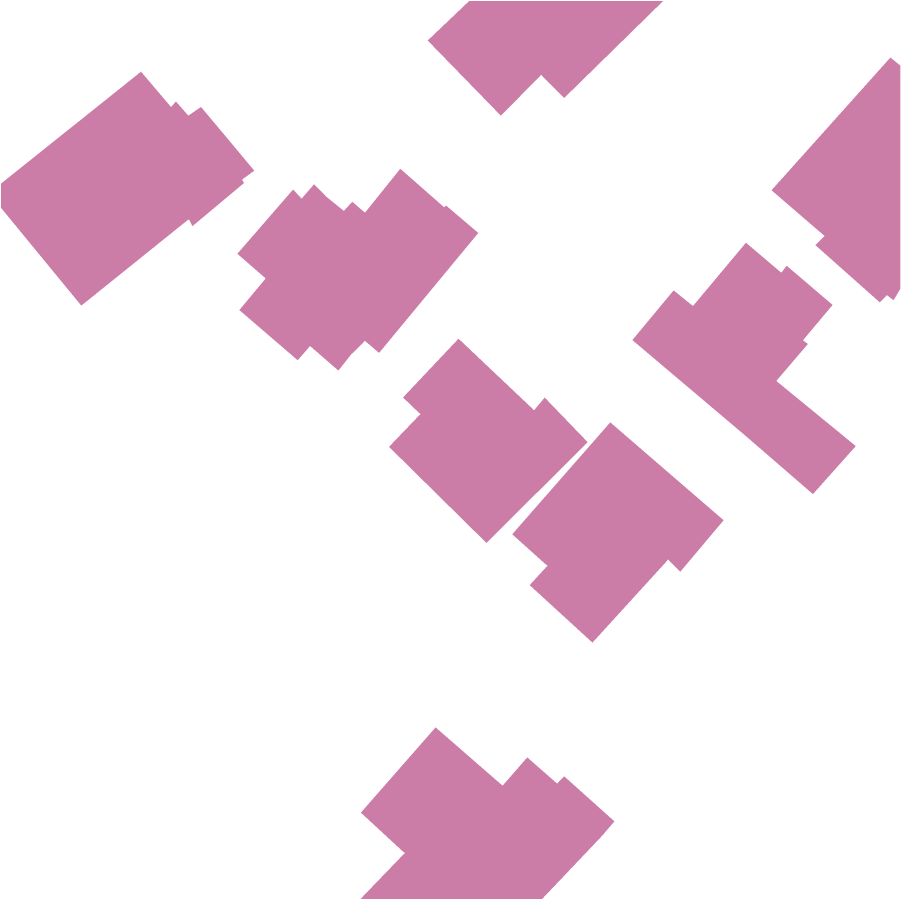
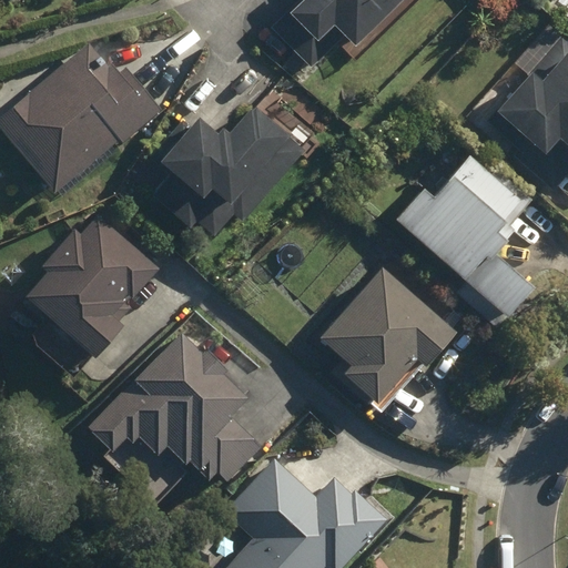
building: [388,338,589,544] -> none
building: none -> [24,215,156,358]
building: none -> [88,329,262,483]

